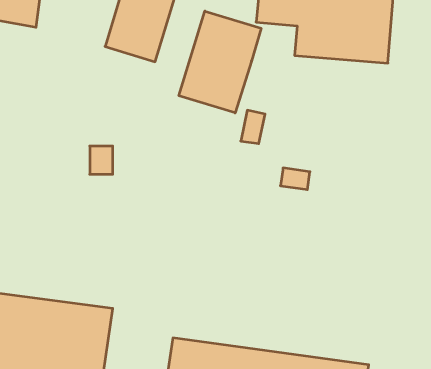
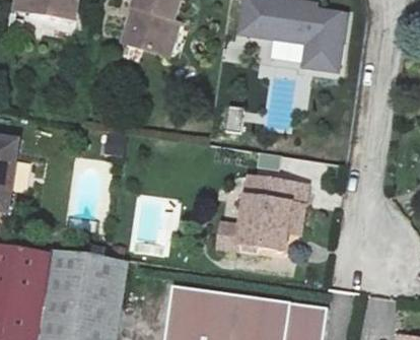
building: [179,11,261,113] -> none
building: none -> [218,169,313,253]

